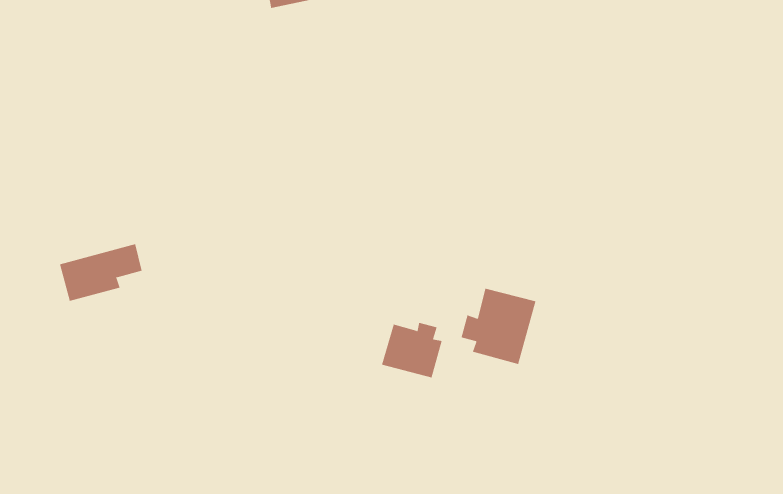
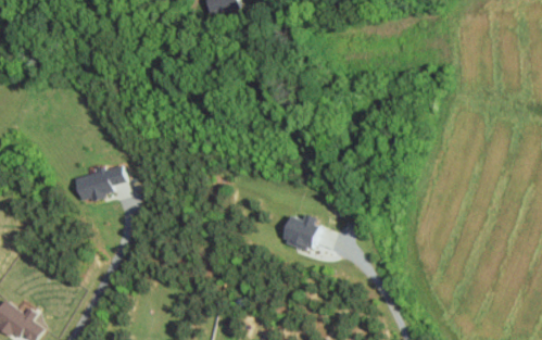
building: [461,288,536,365] -> none

